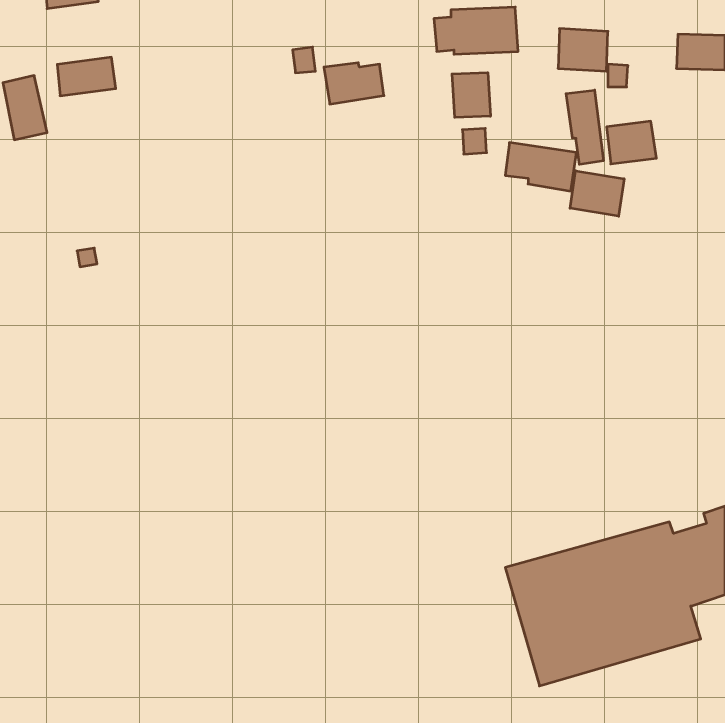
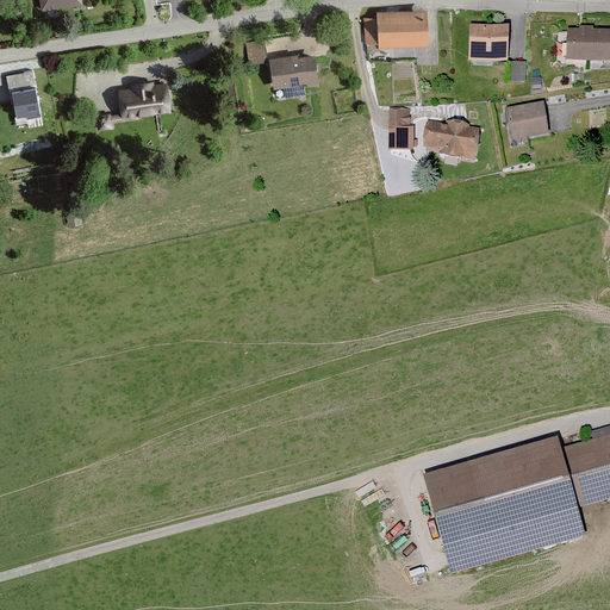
building: [57,57,116,96] -> [118,81,167,113]
building: [452,73,490,117] -> none
building: [566,90,603,164] -> none
building: [570,171,624,216] -> none

